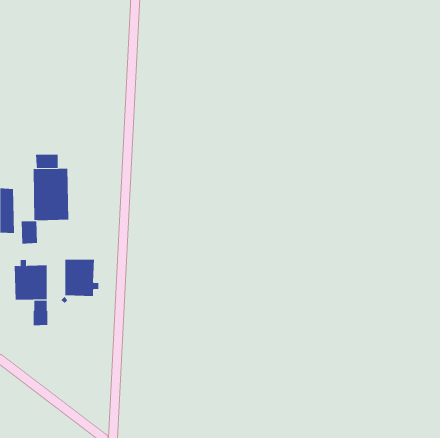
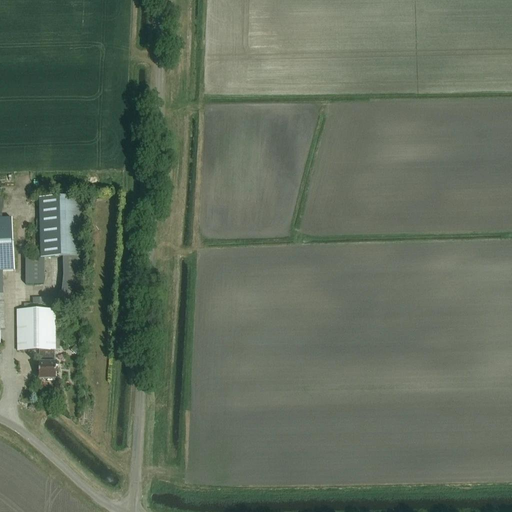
building: [36,154,58,169] -> none
building: [65,259,99,297] -> none

